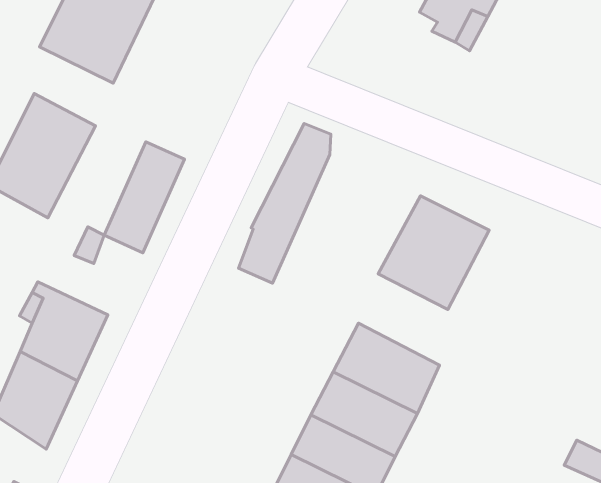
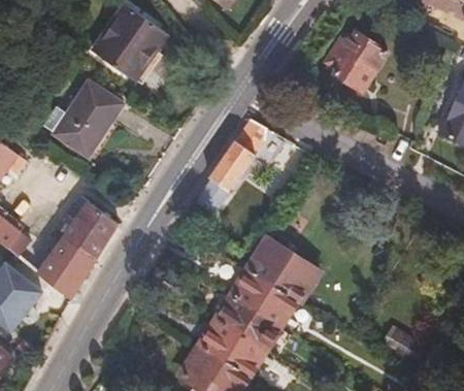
building: [104,142,185,253] -> none
building: [378,196,489,310] -> none

